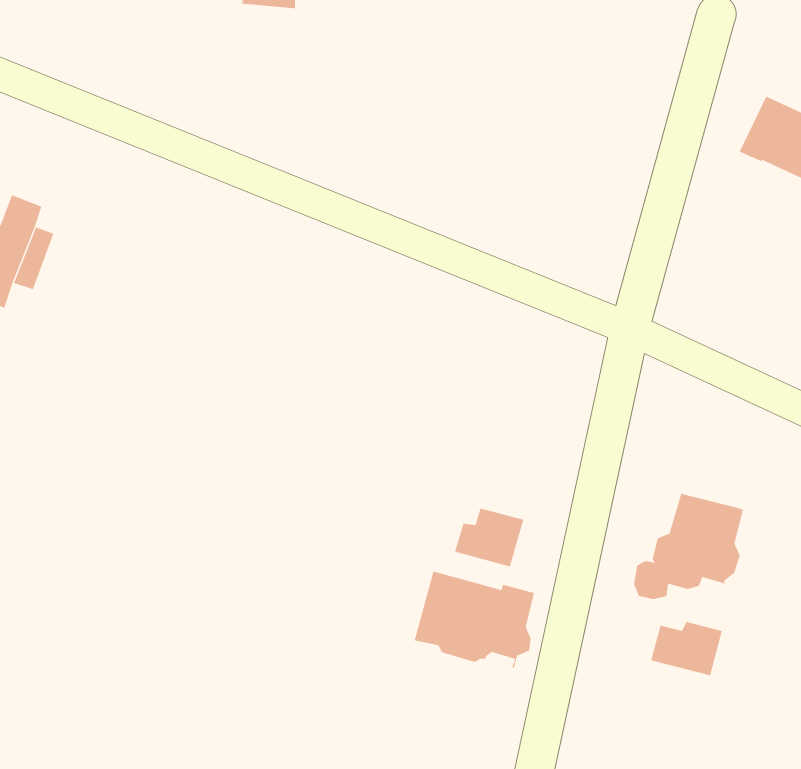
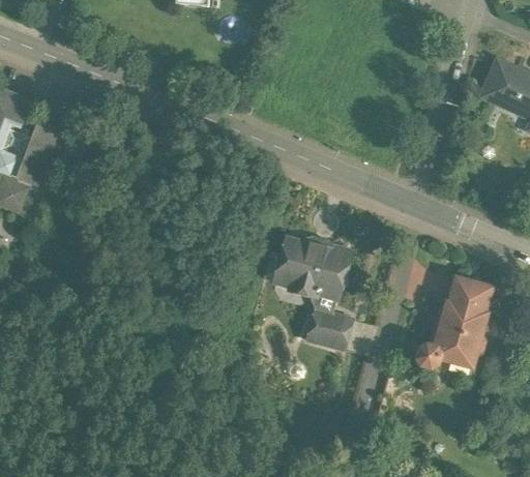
building: none -> [448,276,489,310]
building: [414,571,535,668] -> [276,237,350,296]
building: [651,621,723,676] -> none

